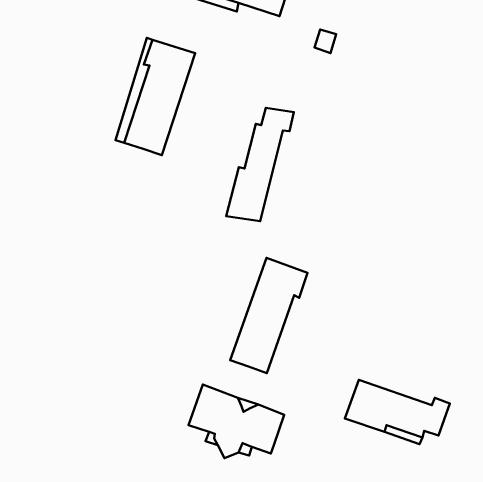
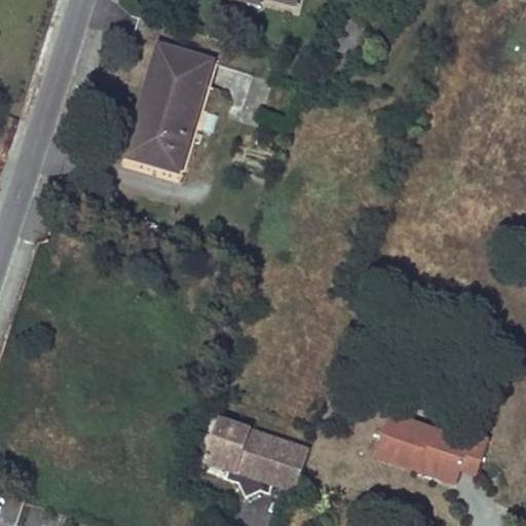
building: [226,108,294,221] -> none
building: [230,258,307,373] -> none

